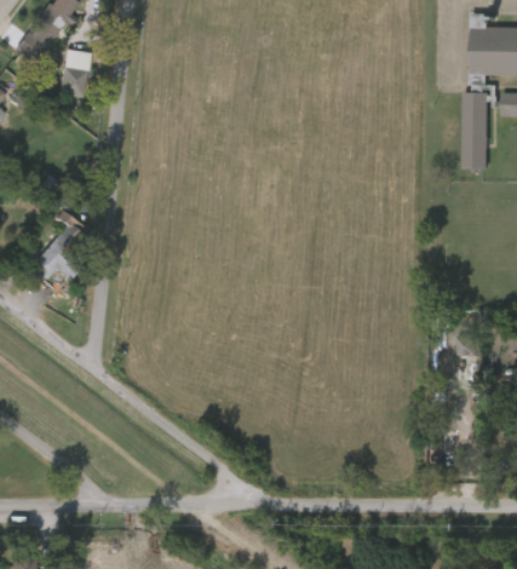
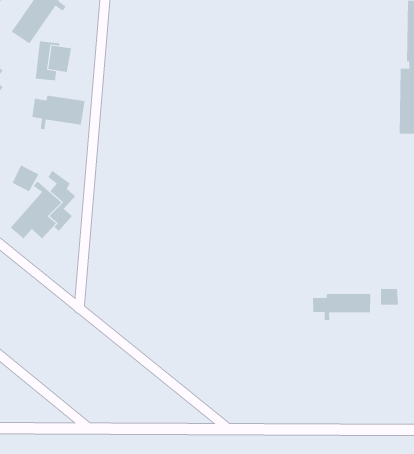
building: none -> [32,95,85,130]
building: none -> [12,165,39,192]
building: none -> [313,293,371,321]

